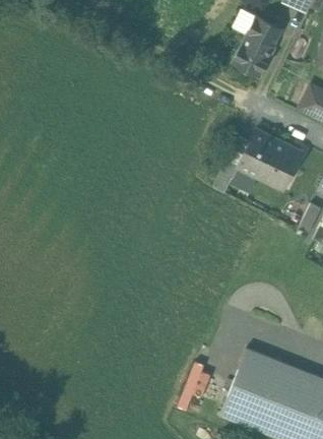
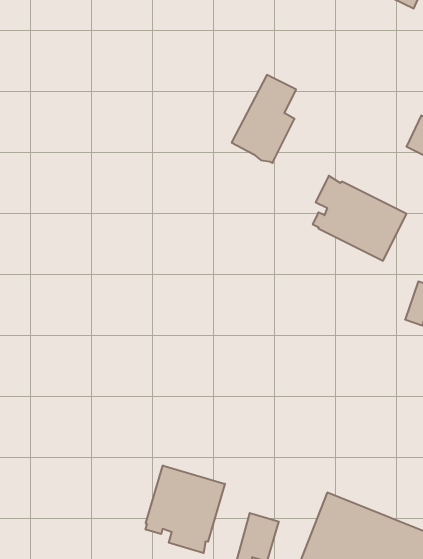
building: [233,16,277,77] -> [232,75,296,163]
building: none -> [146,465,225,553]

